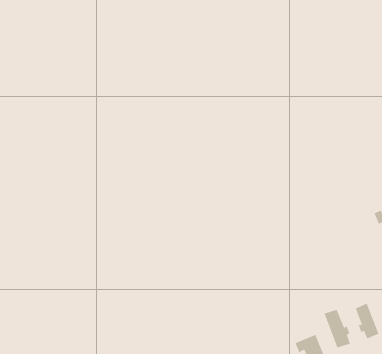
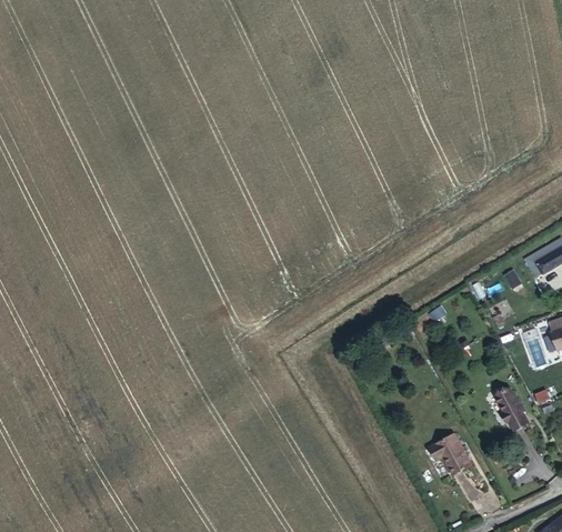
building: [323,309,351,348] -> none

